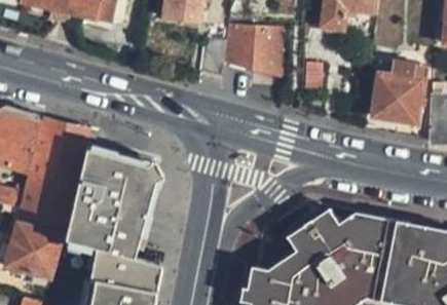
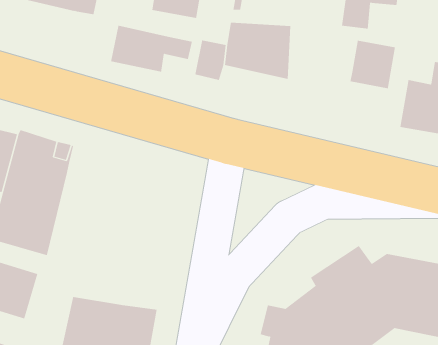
building: none -> [111,25,193,72]
building: none -> [350,40,396,89]
building: [62,154,160,268] -> none

